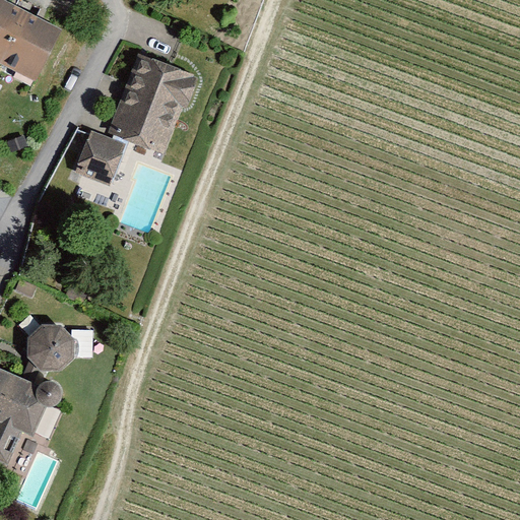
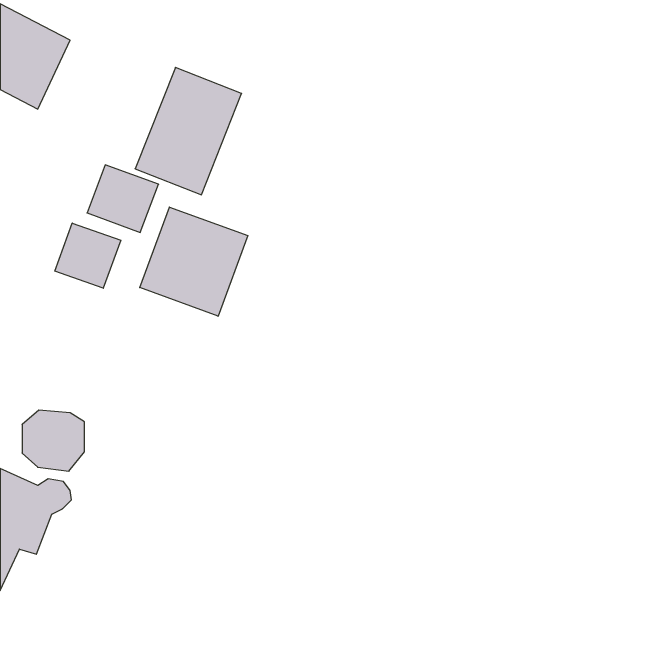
building: none -> [140,207,248,316]
building: none -> [55,223,121,288]

